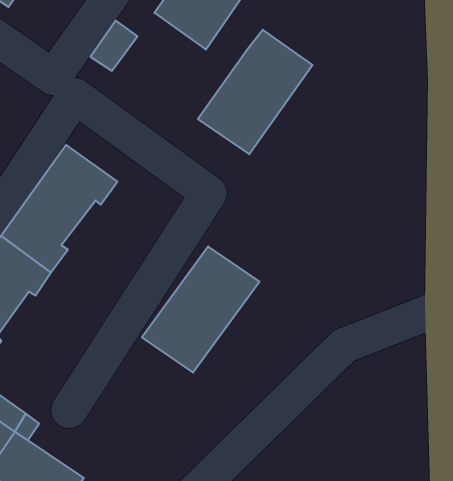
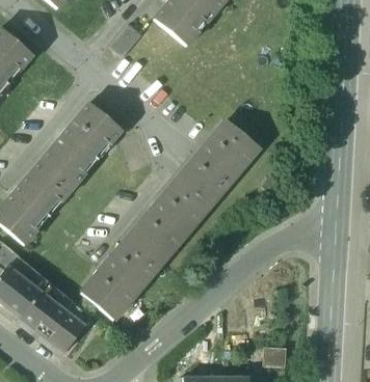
building: [198,30,313,154] -> [179,121,258,203]
building: none -> [82,235,162,319]

